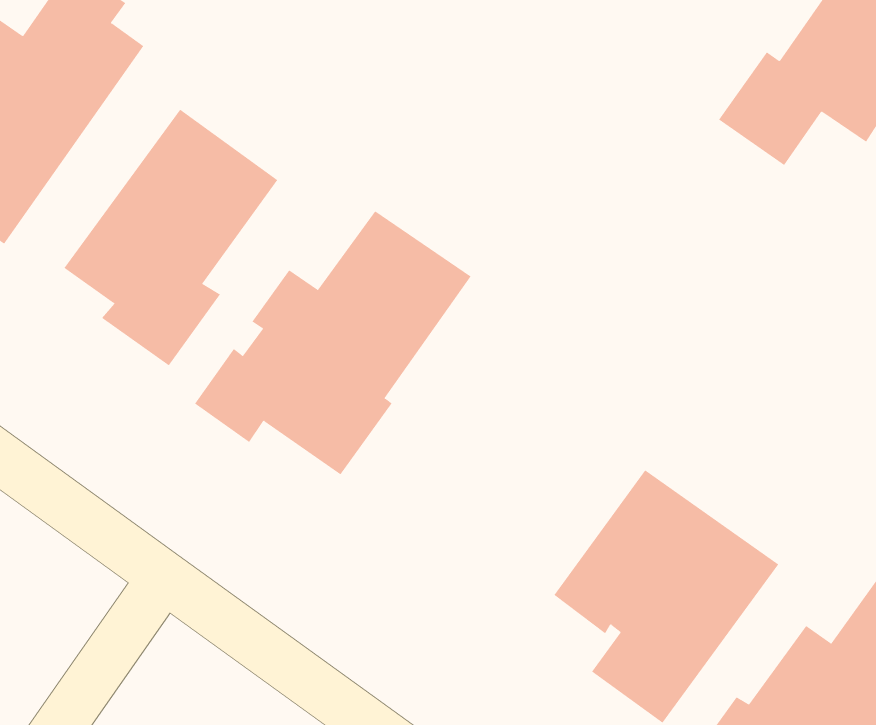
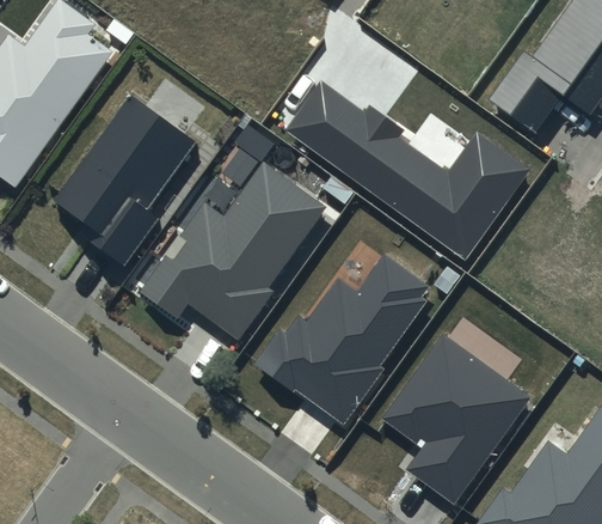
building: none -> [287,84,529,260]
building: none -> [256,255,431,424]

